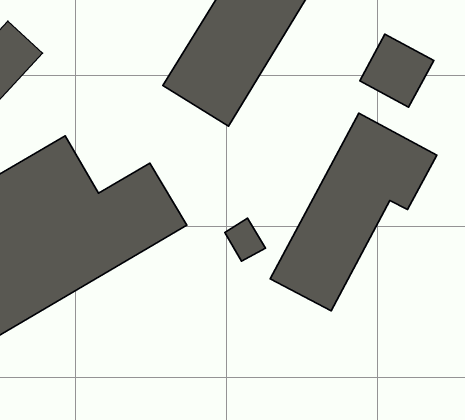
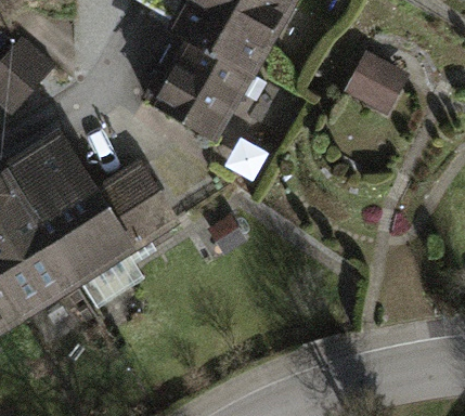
building: [270,113,437,311] -> none

